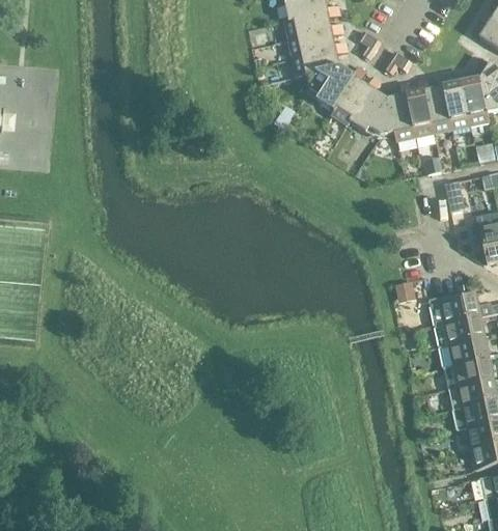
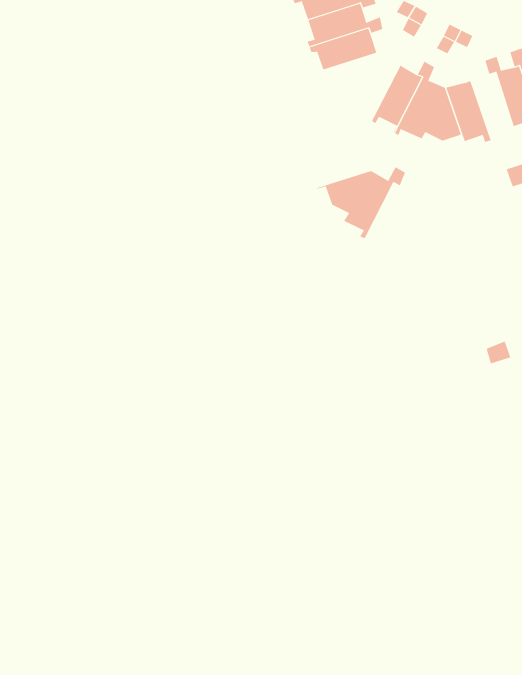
building: [300,65,365,115] -> [317,167,406,239]
building: [398,82,433,138] -> none

